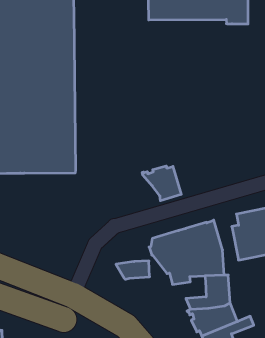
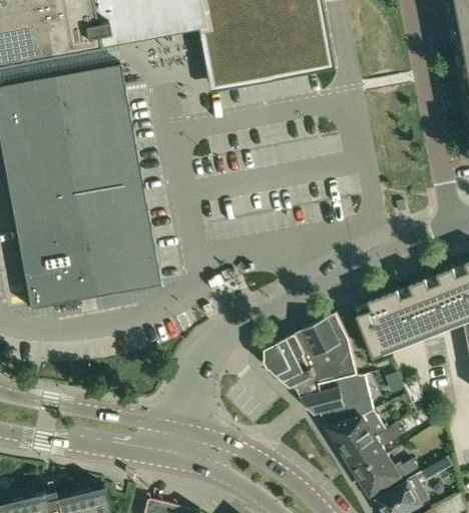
building: [142,166,181,201] -> none
building: [116,261,150,279] -> [301,389,344,416]

